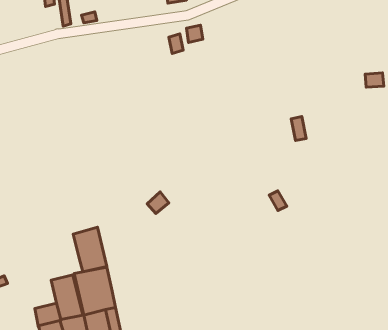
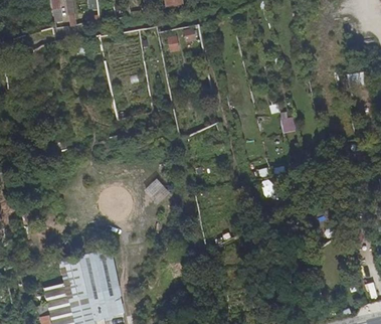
building: [73,227,107,272] -> none

